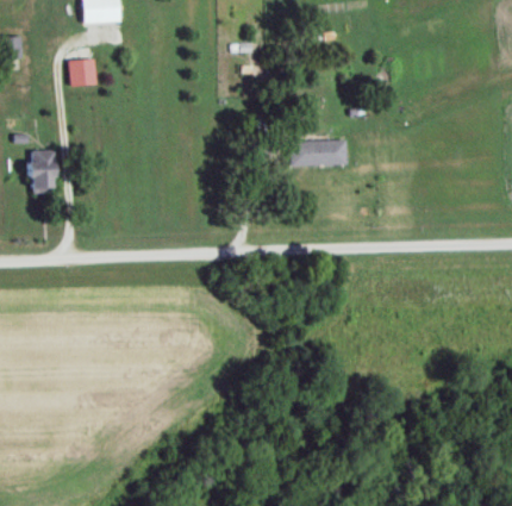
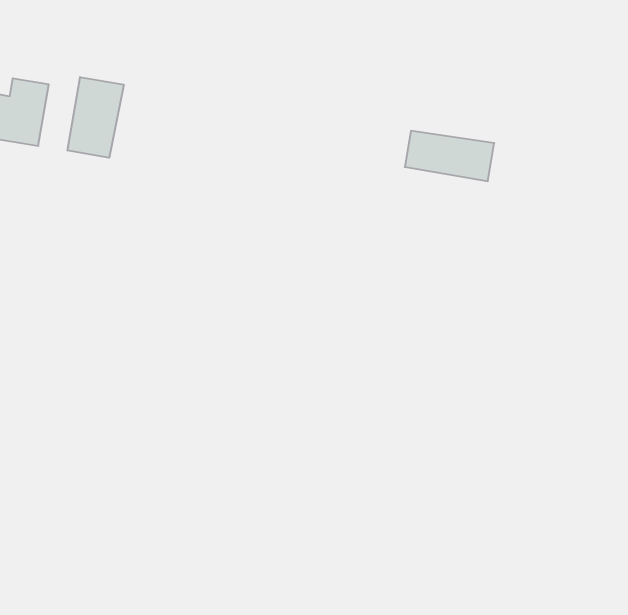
building: none -> [68,77,124,158]

